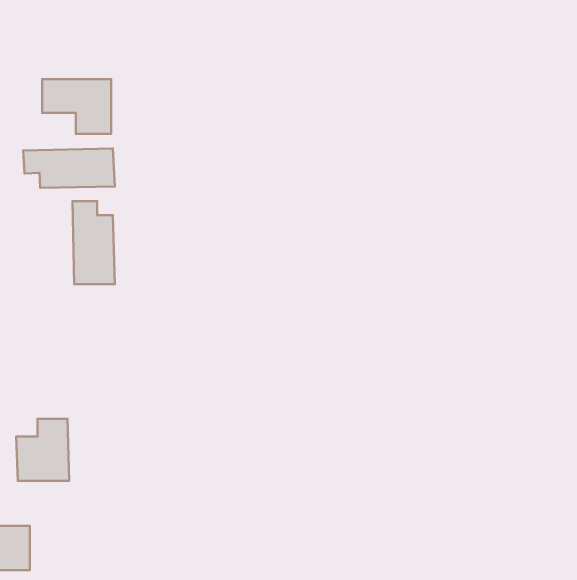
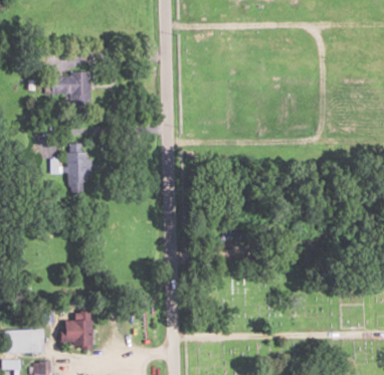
building: [23,148,115,188] -> none
building: [16,419,69,481] -> [61,312,91,347]

